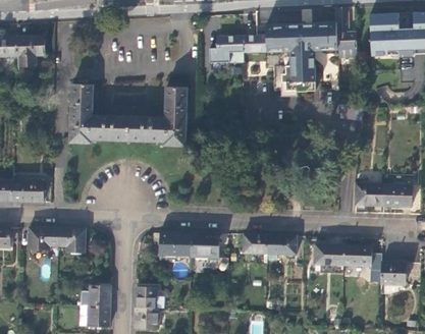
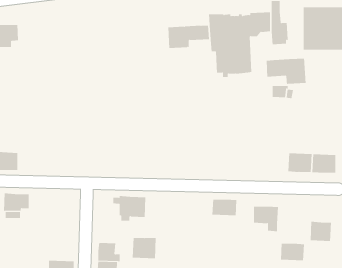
building: none -> [266,58,306,85]
building: [70,85,187,146] -> none
building: [57,229,84,254] -> none
building: [191,233,219,258] -> [132,238,157,259]
building: [244,234,268,254] -> none
building: [343,244,372,265] -> [280,243,305,261]
building: [78,285,110,307] -> none

